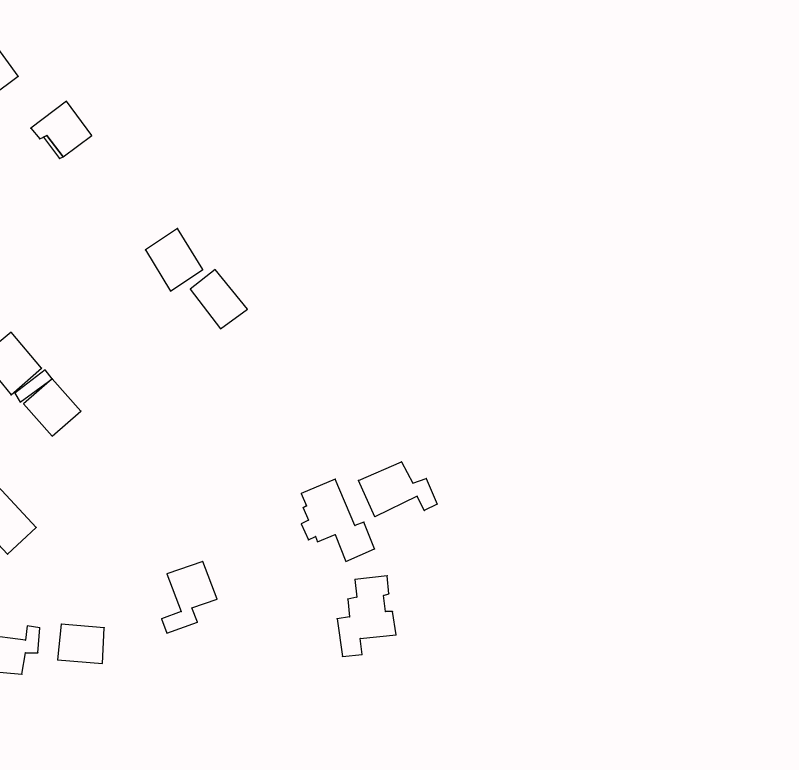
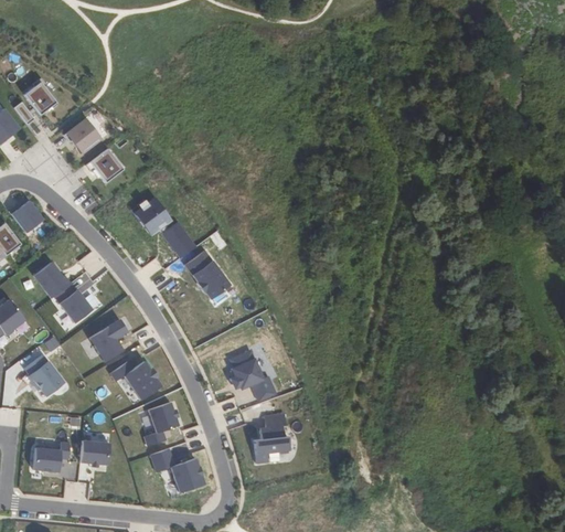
building: none -> [86,148,124,182]
building: none -> [185,249,231,299]
building: none -> [89,319,128,362]
building: [358,462,437,517] -> none
building: none -> [110,361,161,400]
building: none -> [151,448,204,492]

